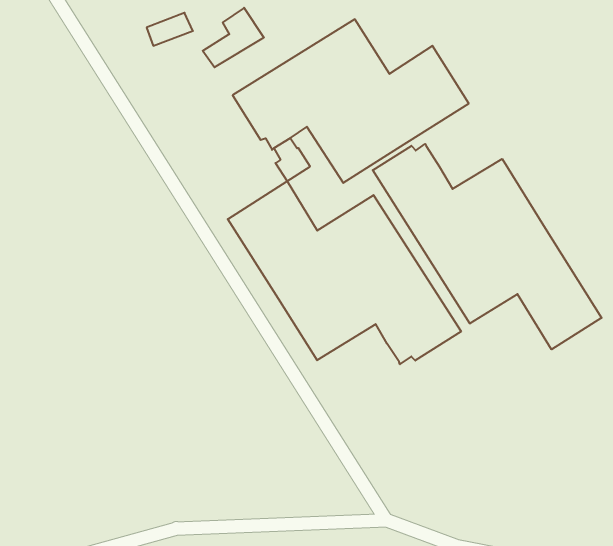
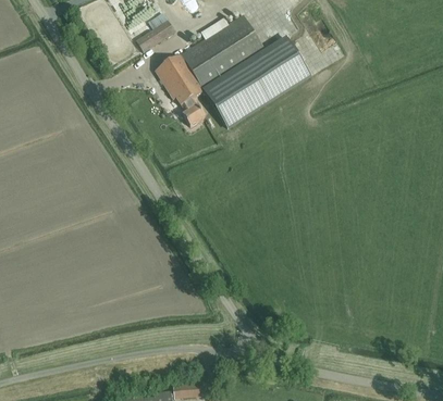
building: [373,144,602,349] -> none
building: [228,181,461,364] -> none

